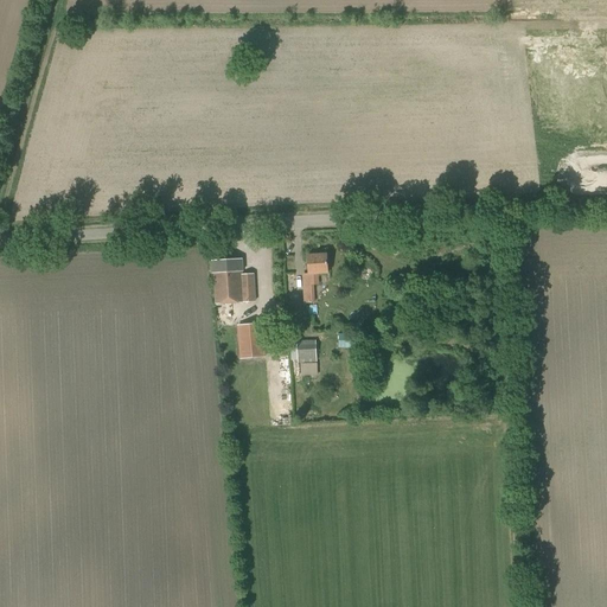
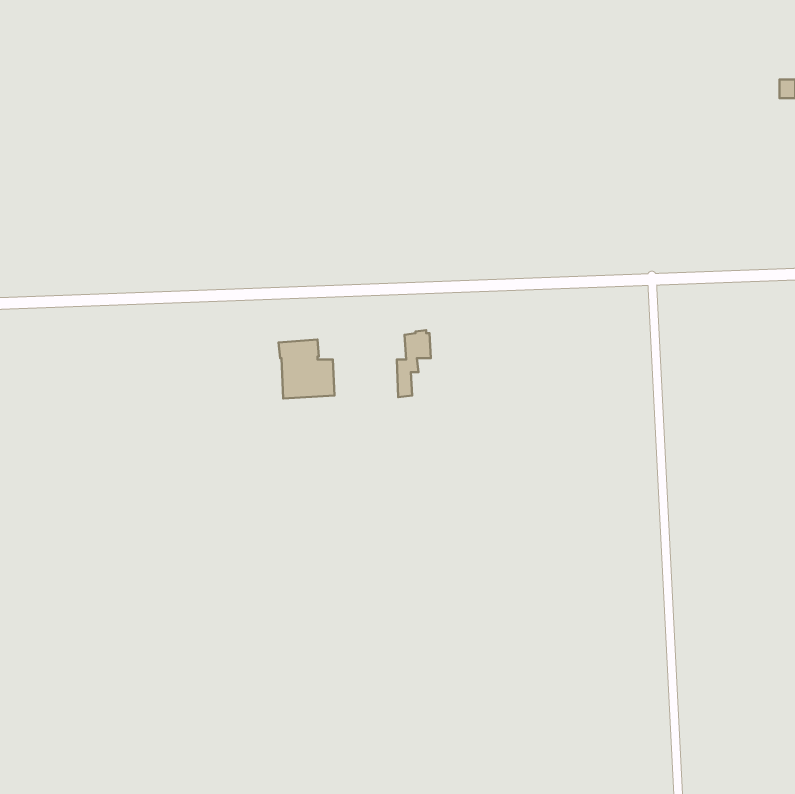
building: [237,322,266,358] -> none
building: [290,339,317,362] -> none

